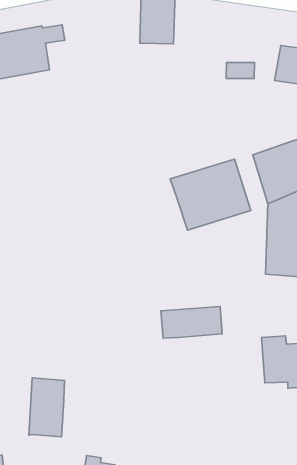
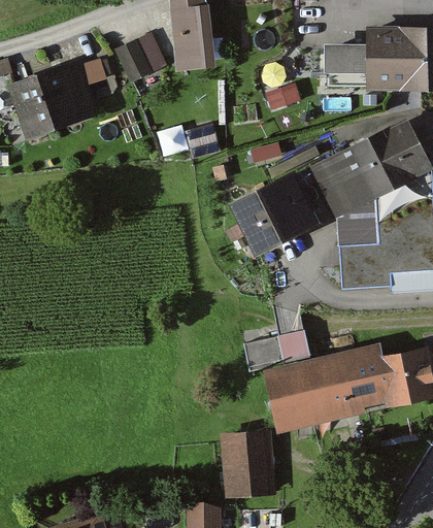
building: none -> [116,35,166,80]
building: none -> [264,356,360,422]
building: [29,378,64,437] -> [225,433,264,495]

